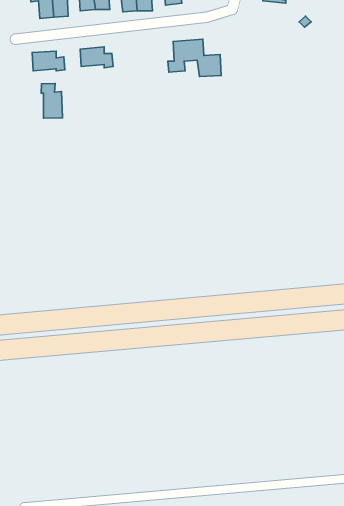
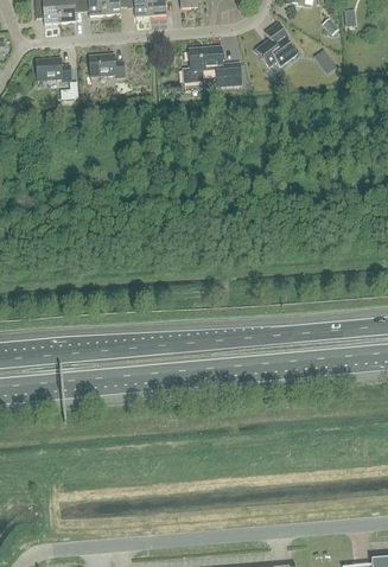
building: none -> [256,24,297,68]
building: [41,84,63,118] -> none

